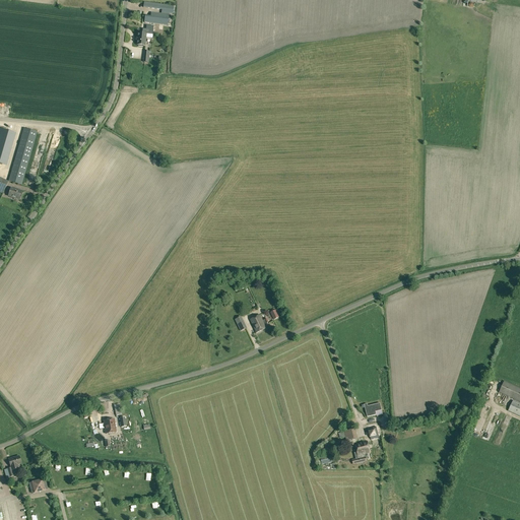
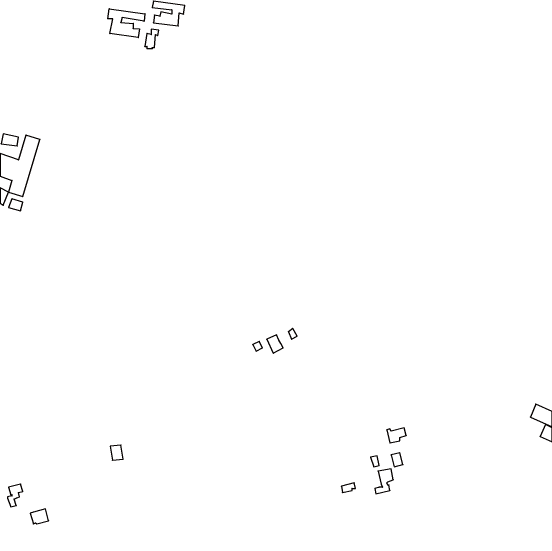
building: none -> [108,9,145,38]

